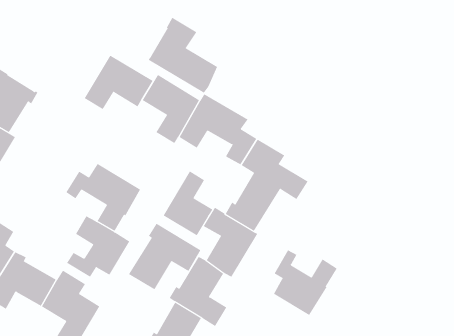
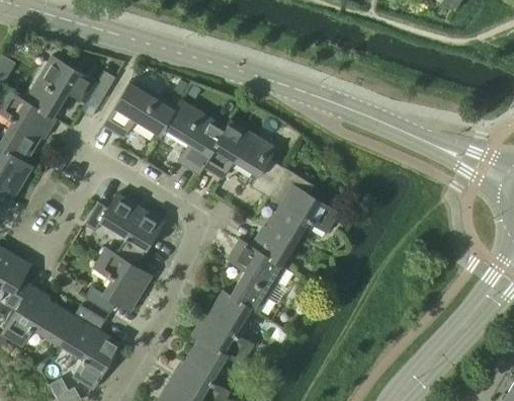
building: [148,17,218,93] -> none
building: none -> [24,57,115,119]
building: [163,171,213,236] -> none
building: [128,223,201,290] -> none
building: [273,249,337,316] -> none

